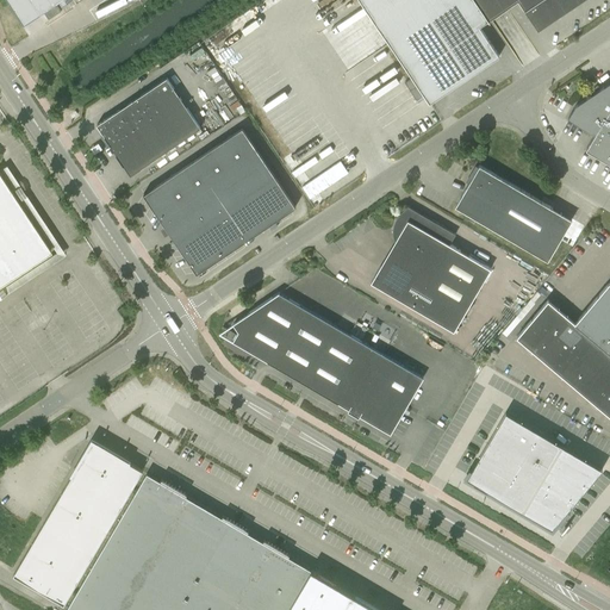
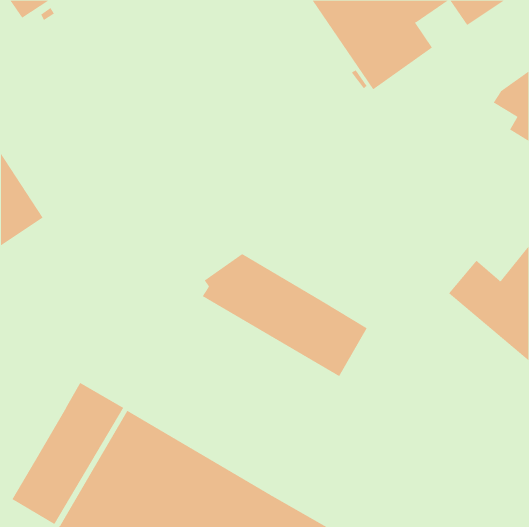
building: [97,80,200,178] -> none
building: [143,130,295,275] -> none
building: [455,167,572,263] -> none
building: [372,208,491,332] -> none
building: [467,413,603,531] -> none

